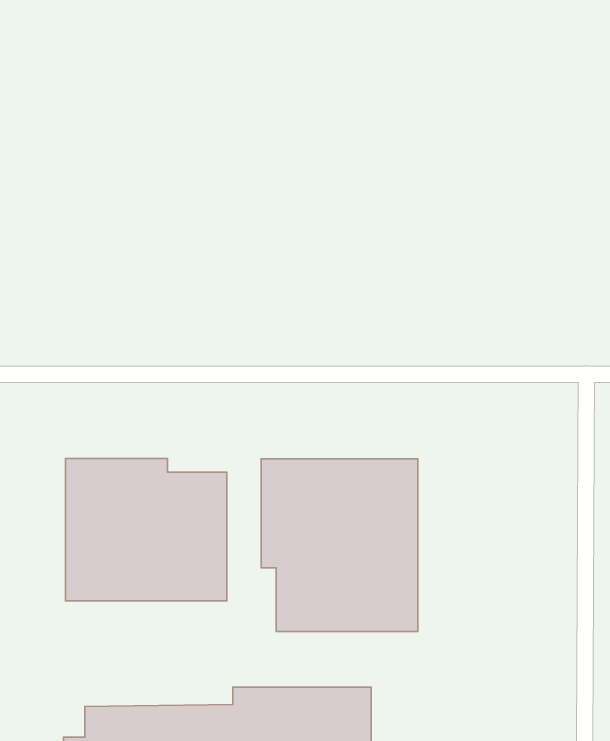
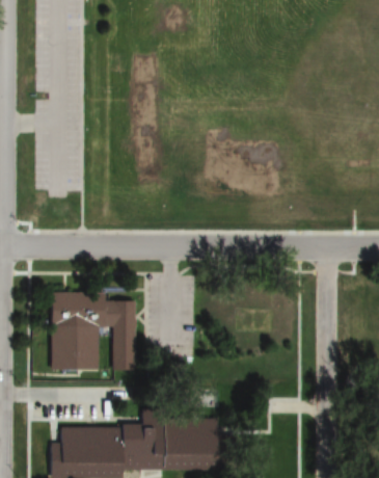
building: [261,459,418,631] -> none

